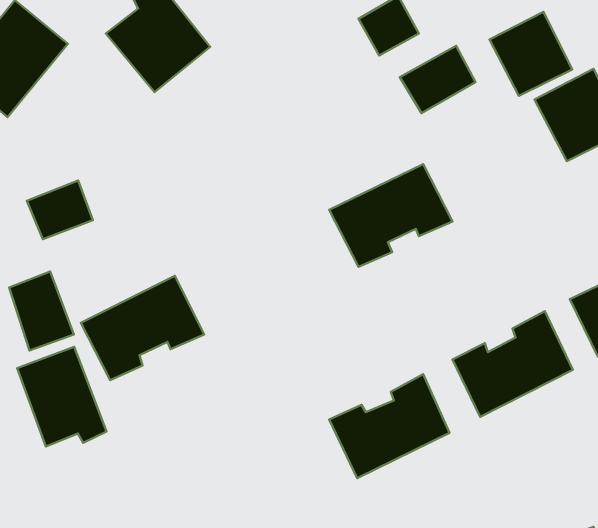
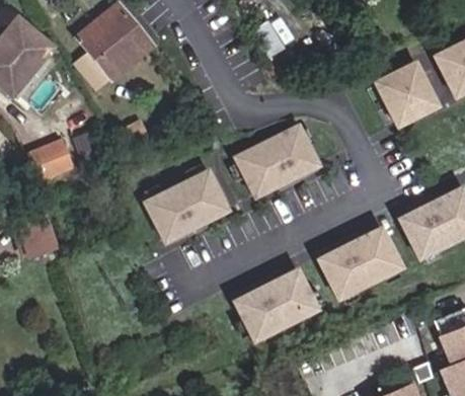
building: [490,12,572,96] -> none
building: [400,46,475,113] -> none
building: [81,276,204,380] -> [142,173,227,245]
building: [17,347,107,447] -> none

